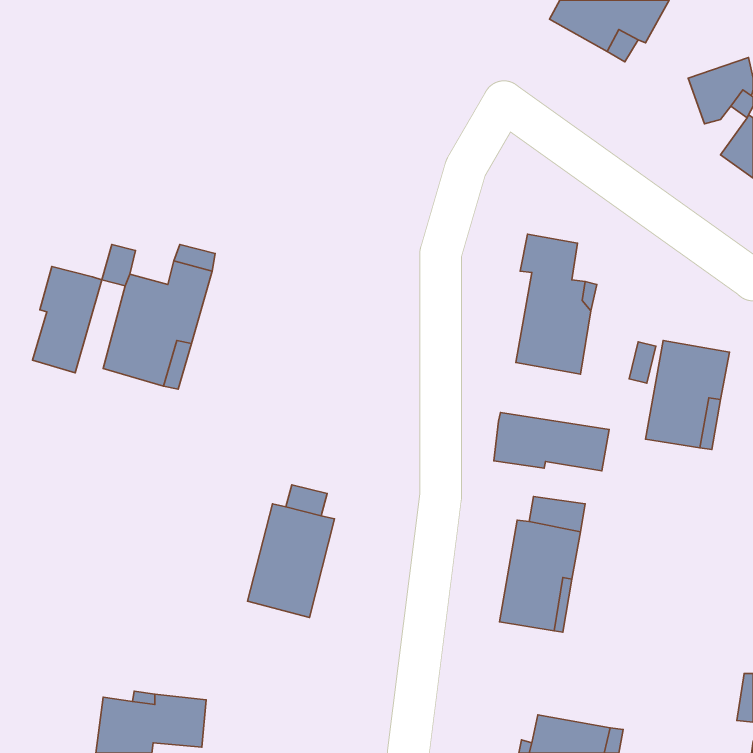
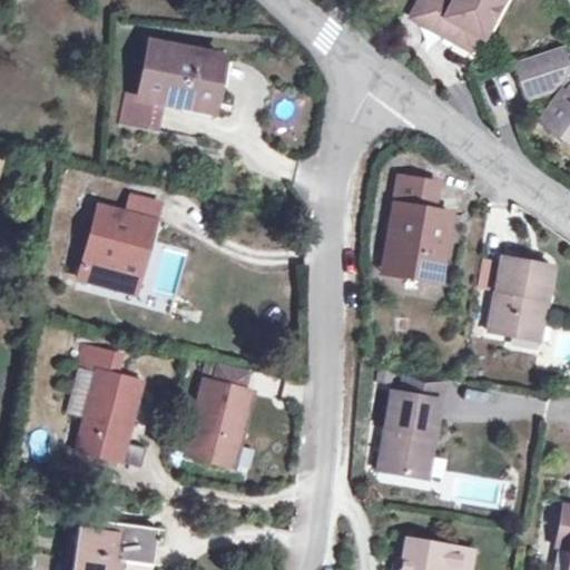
building: none -> [120,42,218,130]
building: [33,266,102,373] -> none
building: [494,412,609,471] -> none
building: none -> [69,346,141,463]

